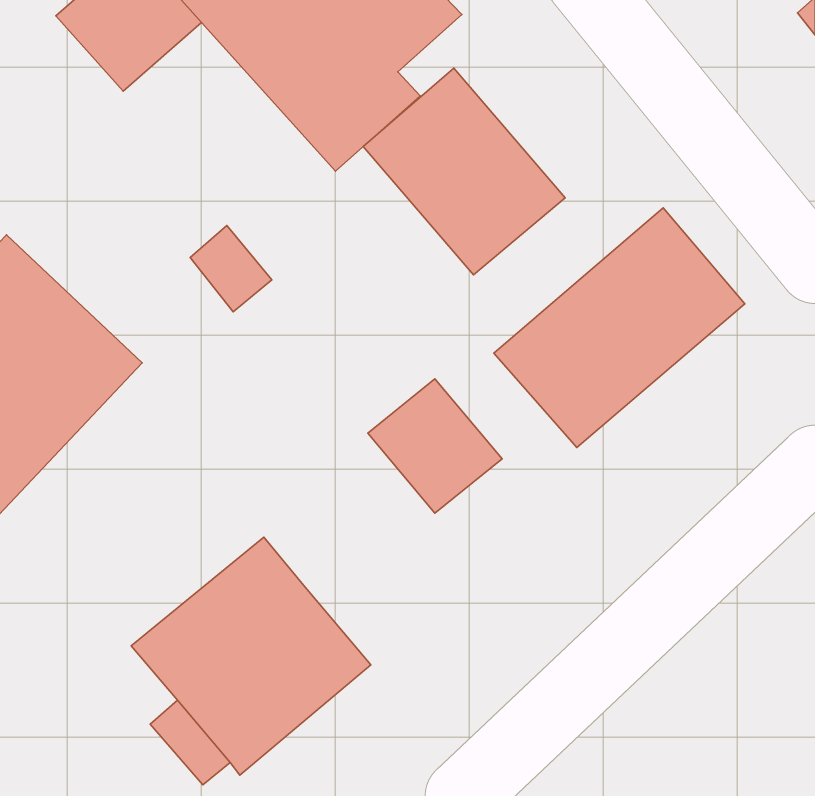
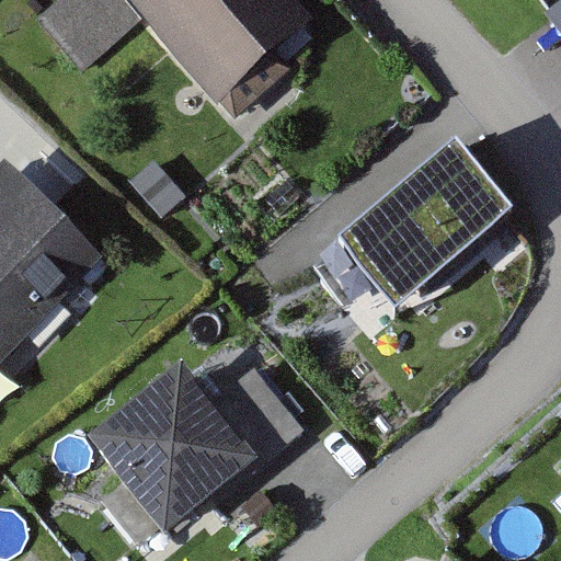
building: [363,68,565,275] -> none
building: [368,379,502,513] -> [208,364,300,456]

